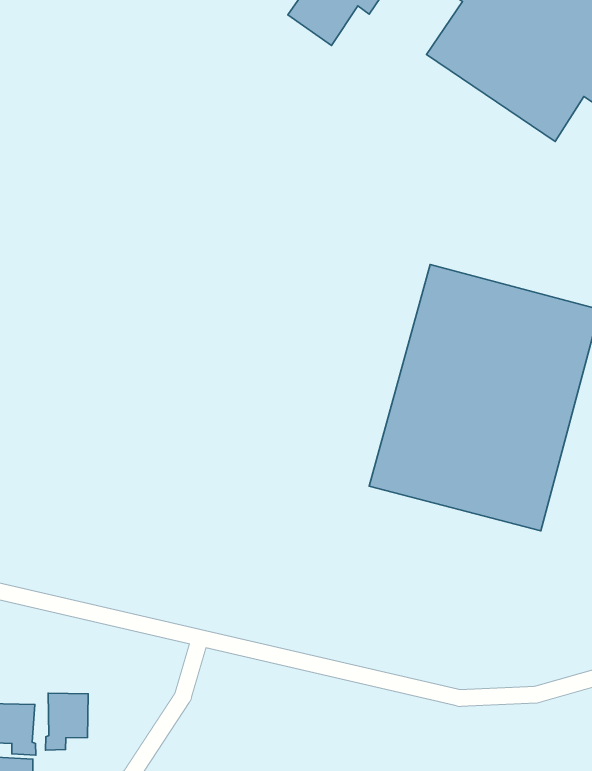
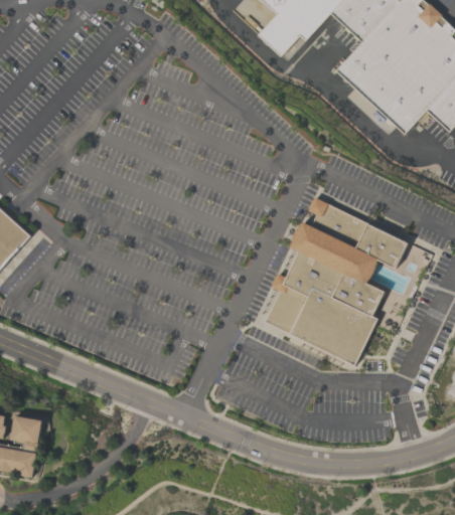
building: [45,693,88,750] -> none

